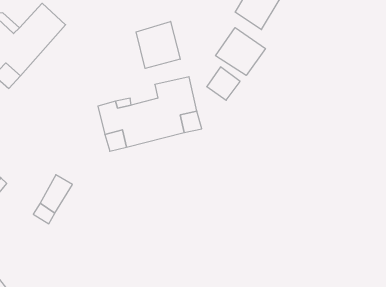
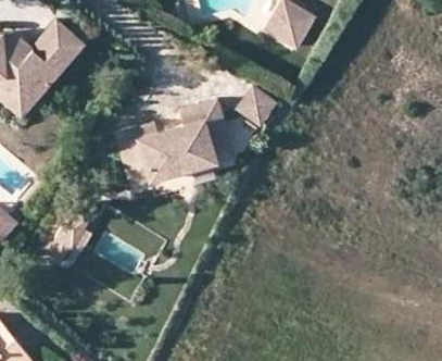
building: [136,21,180,68] -> none
building: [216,28,265,75] -> none

